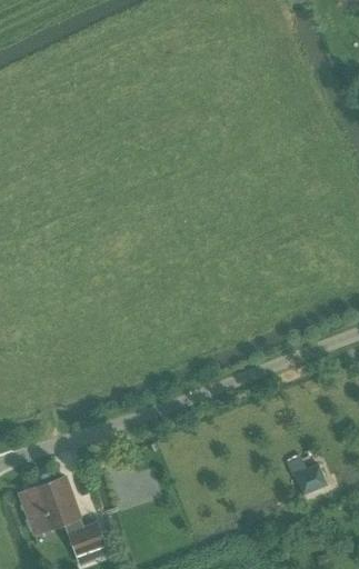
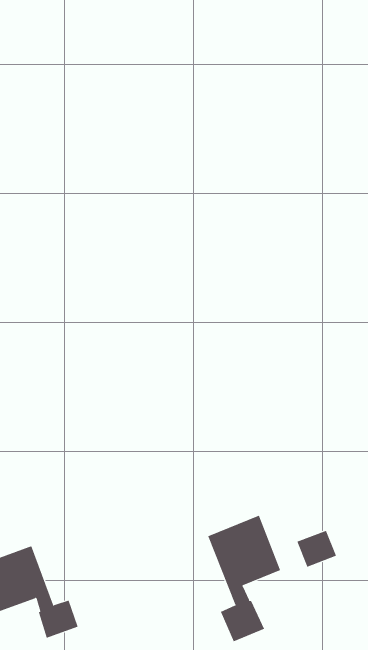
building: none -> [207,515,281,642]

